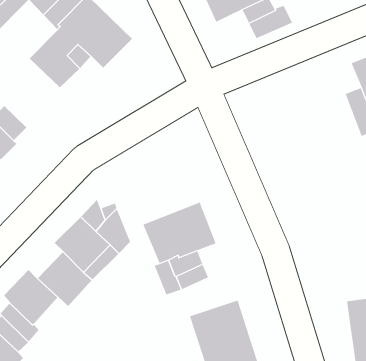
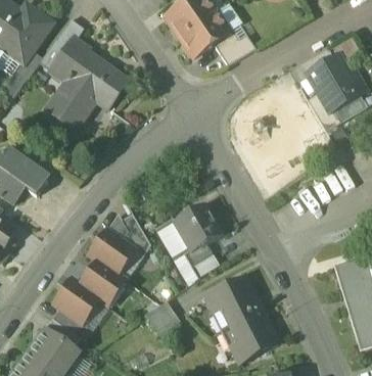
building: none -> [144,299,180,335]

